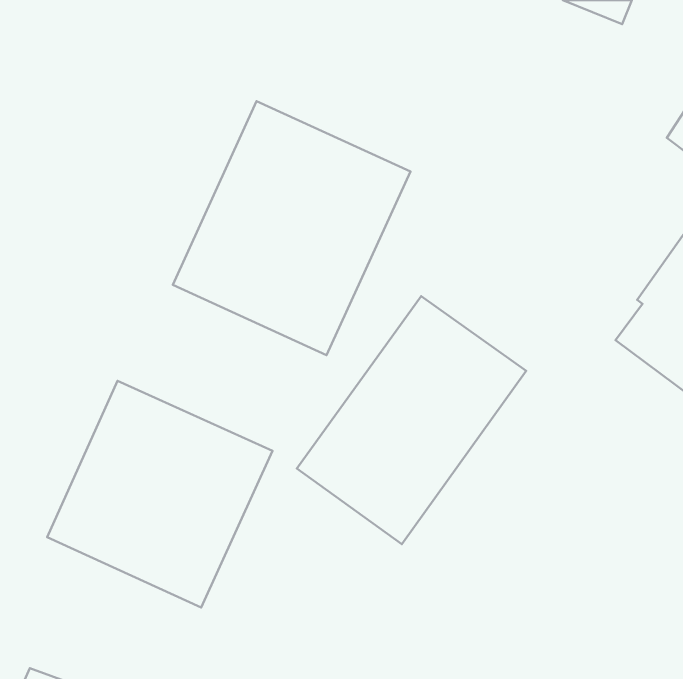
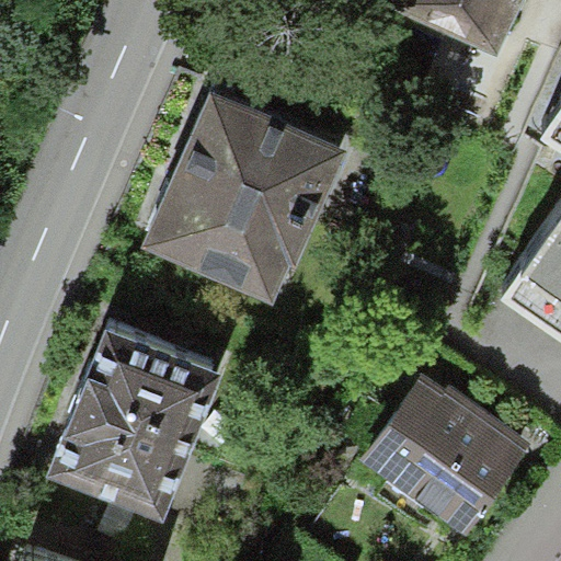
building: [297,296,526,544] -> none
building: none -> [369,382,534,543]

